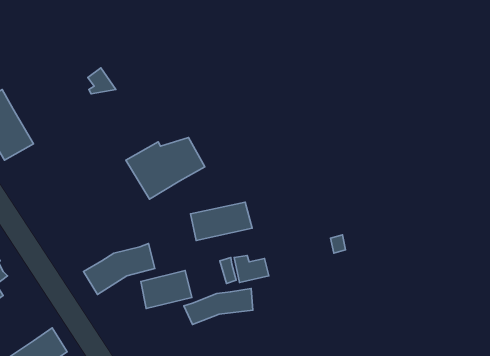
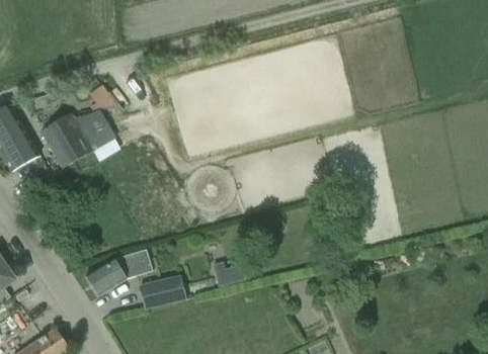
building: [126,137,205,199] -> [40,109,114,167]
building: [190,202,252,240] -> none
building: [184,289,253,325] -> none

